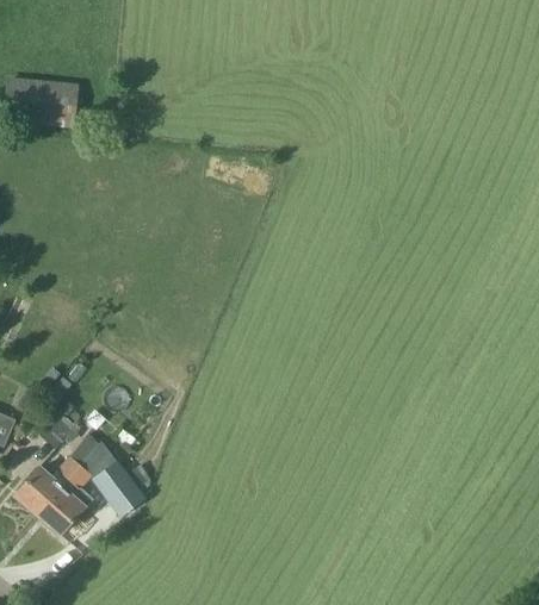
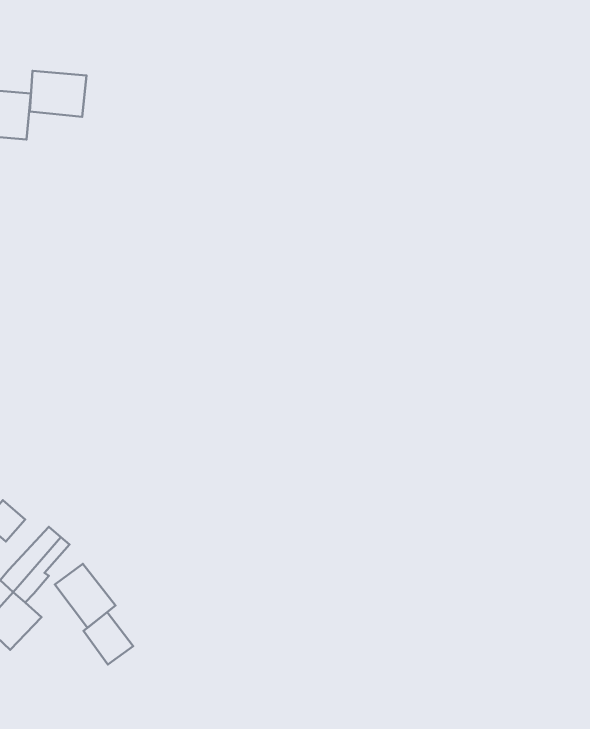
building: none -> [30,71,86,117]
building: none -> [83,612,133,664]

